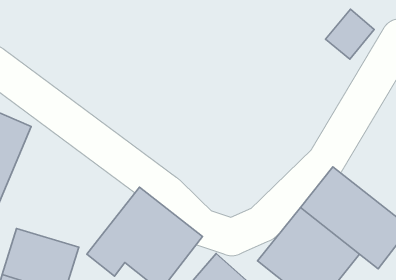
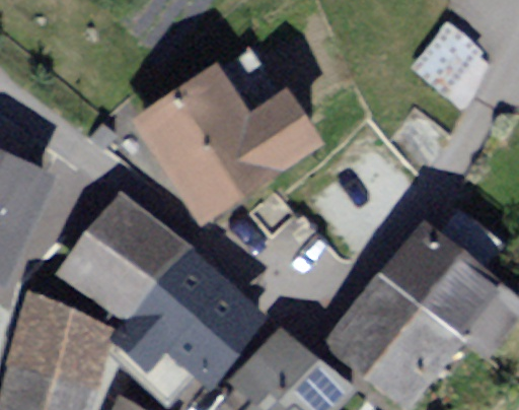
building: none -> [137,68,314,215]
building: none -> [65,203,180,319]

